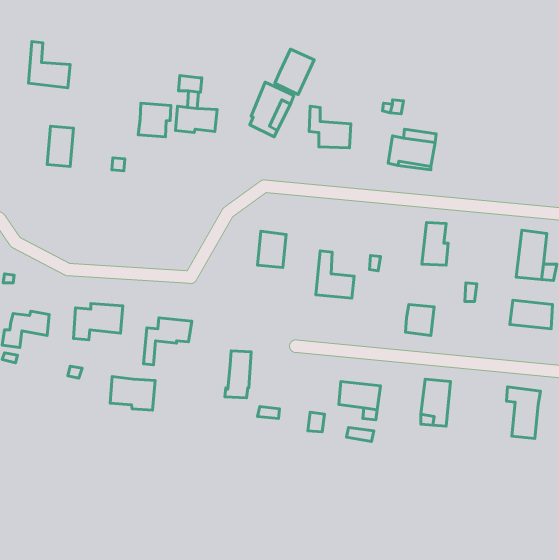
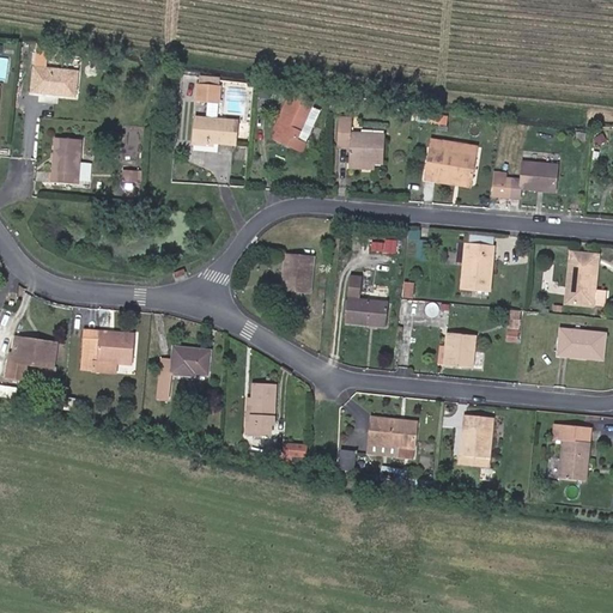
building: [275,49,314,95] -> none
building: [138,103,171,137] -> none
building: none -> [492,162,556,198]
building: [110,376,155,410] -> none

